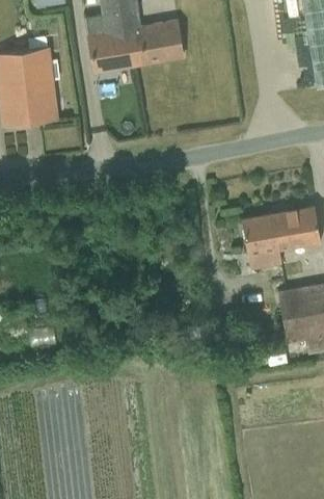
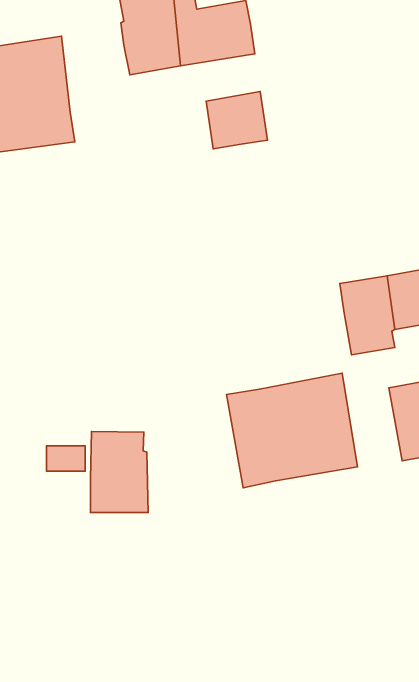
building: none -> [206,91,268,149]
building: none -> [227,373,357,488]
building: none -> [90,431,148,513]

